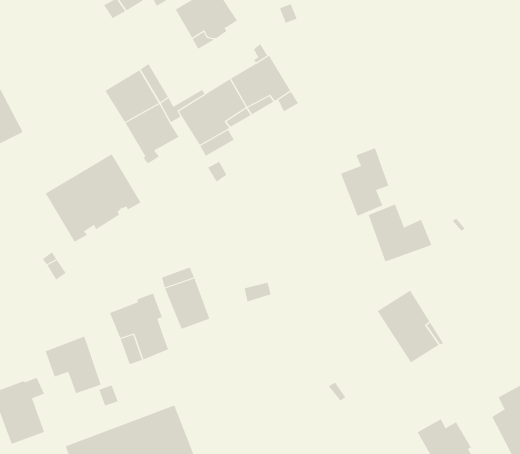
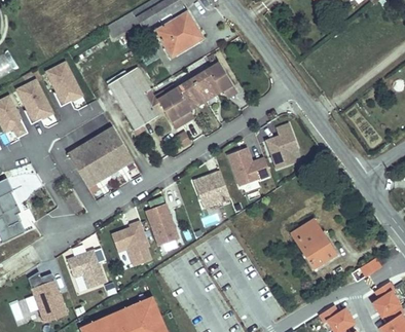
building: none -> [46,62,81,107]
building: [368,204,432,262] -> [227,147,270,186]
building: none -> [192,171,229,209]

